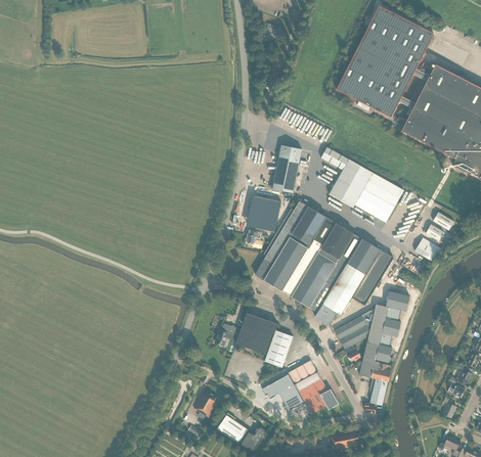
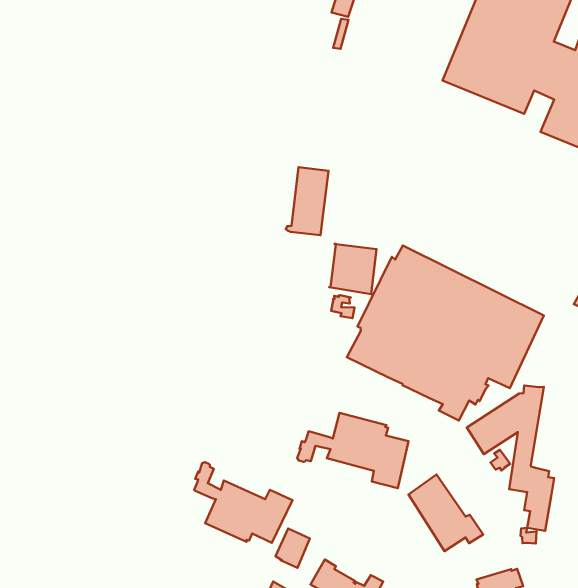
building: [269,144,302,192] -> [286,167,329,235]
building: [321,146,404,222] -> none
building: [376,290,409,362] -> none
building: none -> [194,462,293,543]
building: [262,373,304,410] -> none

